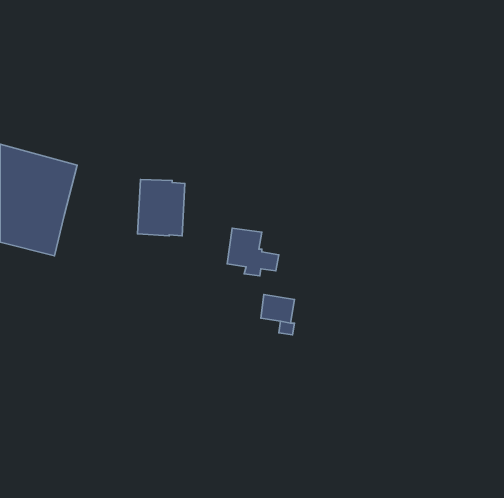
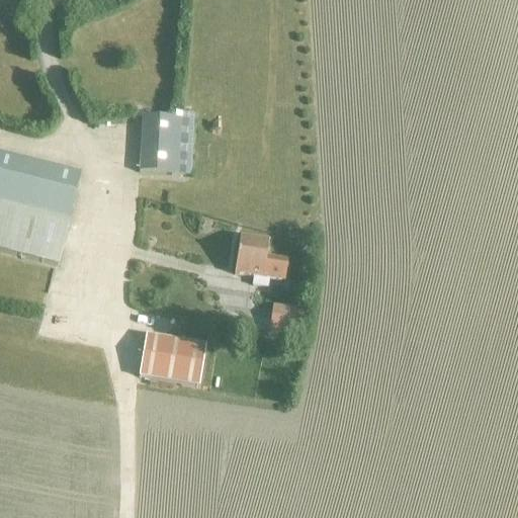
building: [138,180,185,236] -> [139,111,187,169]
building: none -> [139,330,206,382]

